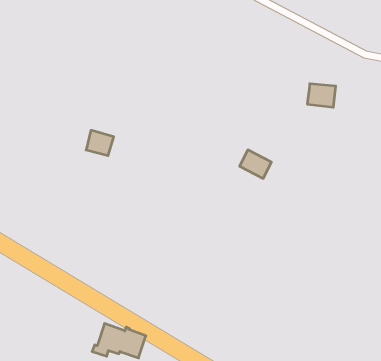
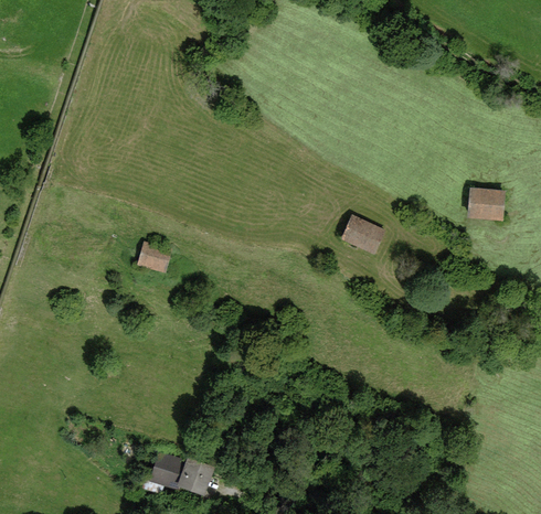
building: [307,84,336,107] -> [466,188,505,219]
building: [86,130,114,156] -> [136,239,173,274]

